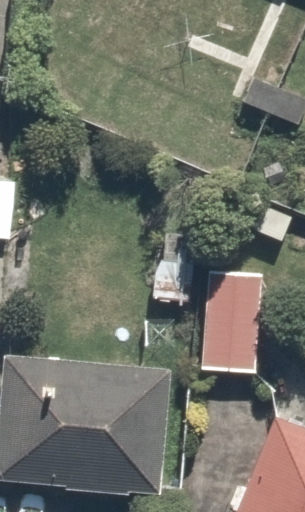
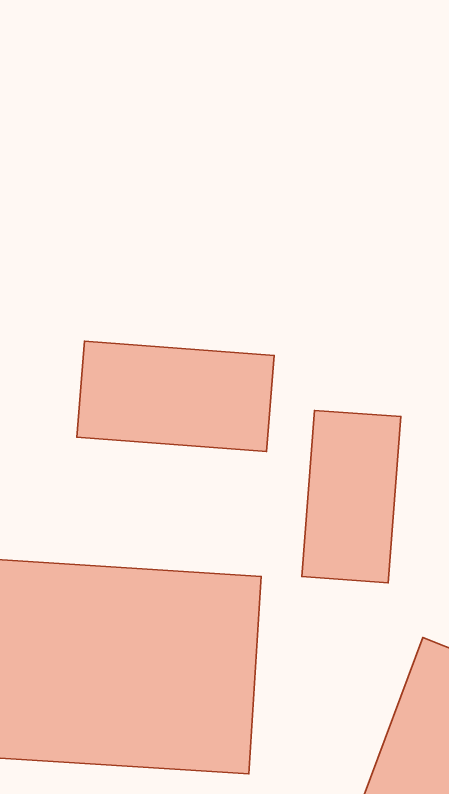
building: none -> [77,341,274,451]

